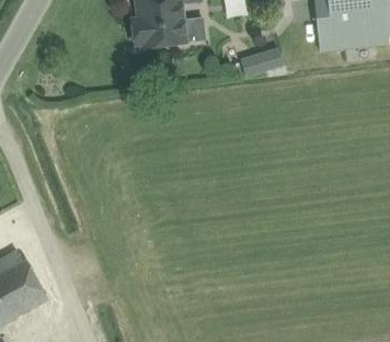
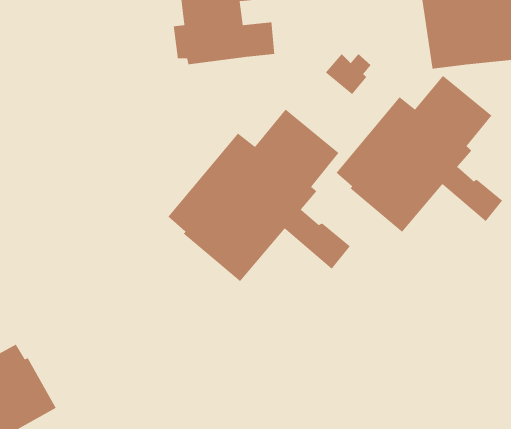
building: none -> [336,75,503,233]
building: none -> [168,109,351,282]

